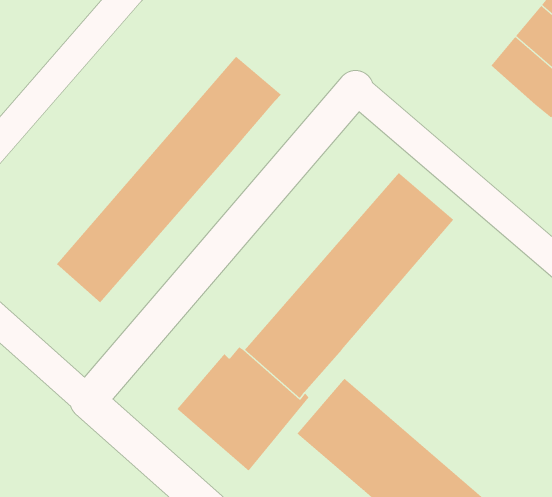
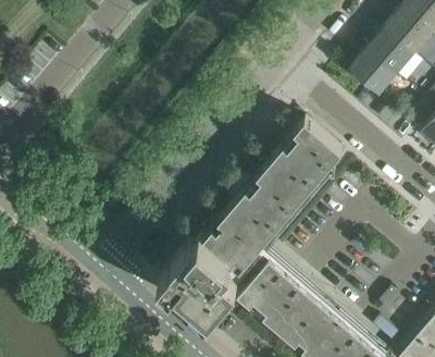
building: [56,56,282,303] -> none
building: none -> [349,49,396,96]

